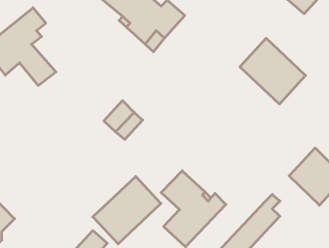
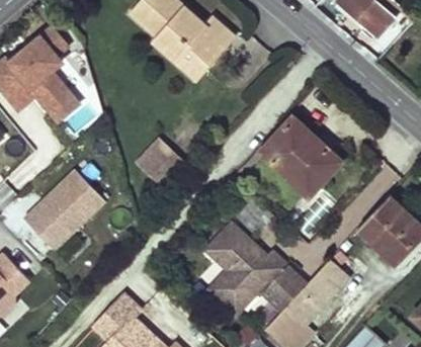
building: [240,38,306,104] -> [261,117,340,196]
building: [93,176,161,244] -> [23,170,105,251]
building: none -> [260,265,305,310]

